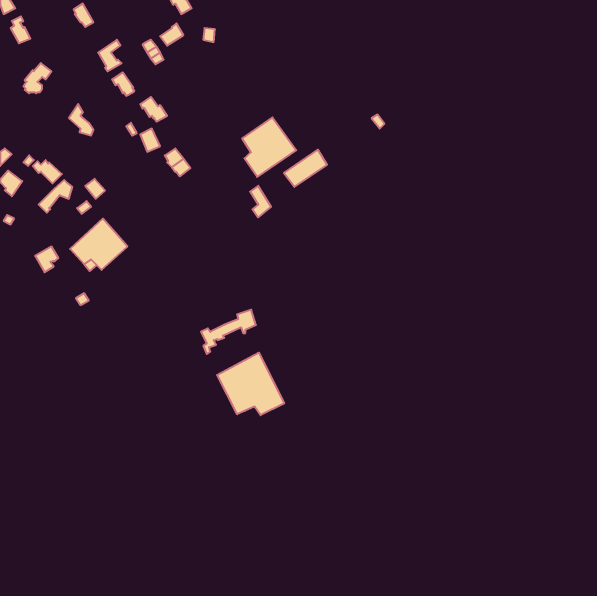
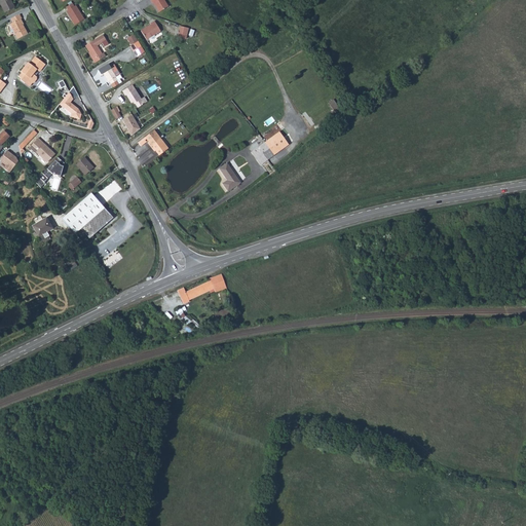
building: [242,117,296,177] -> none
building: [217,353,284,415] -> none

